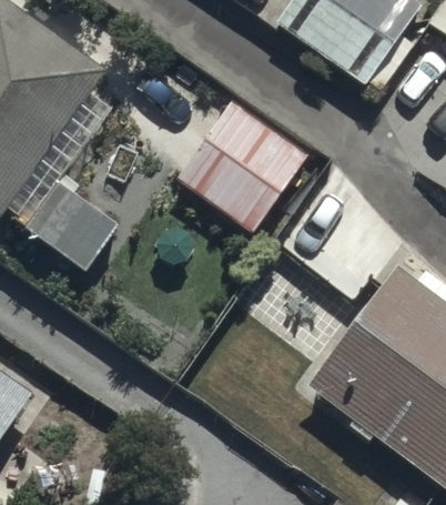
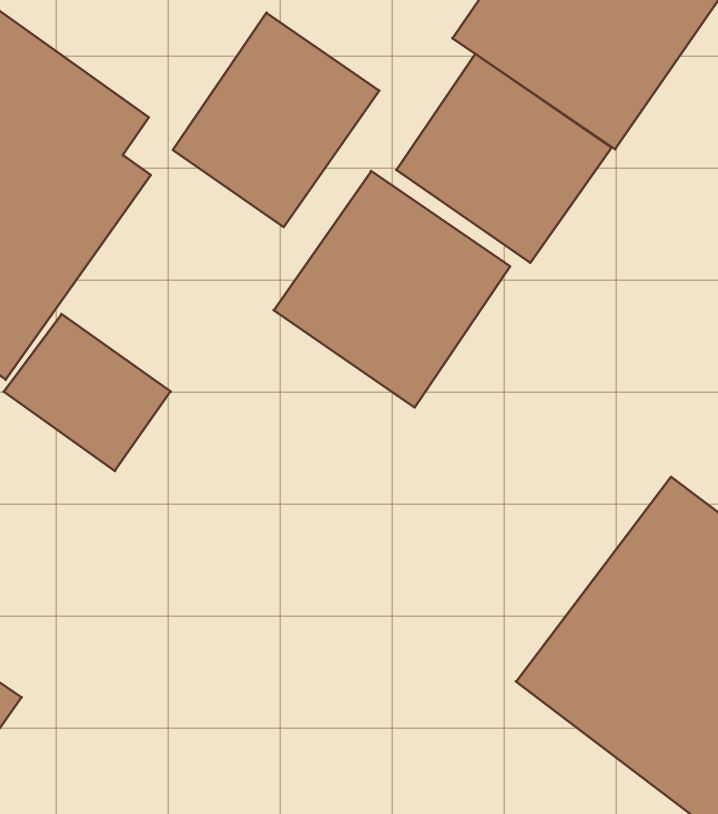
building: none -> [173,13,379,227]
building: none -> [396,54,611,263]

